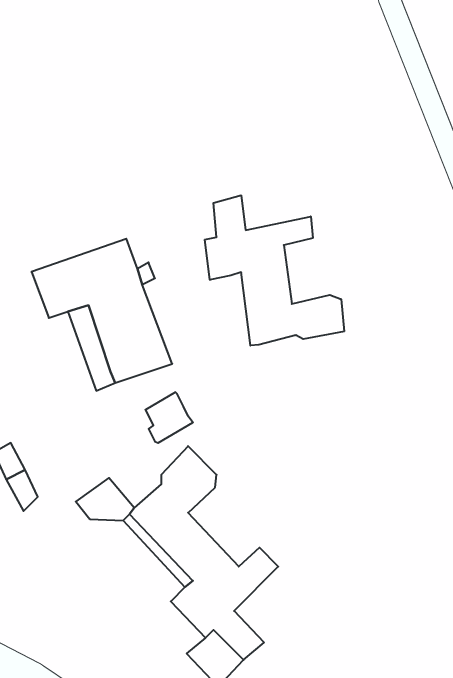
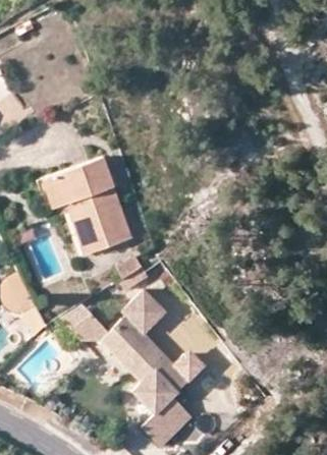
building: [205,195,344,346] -> none

